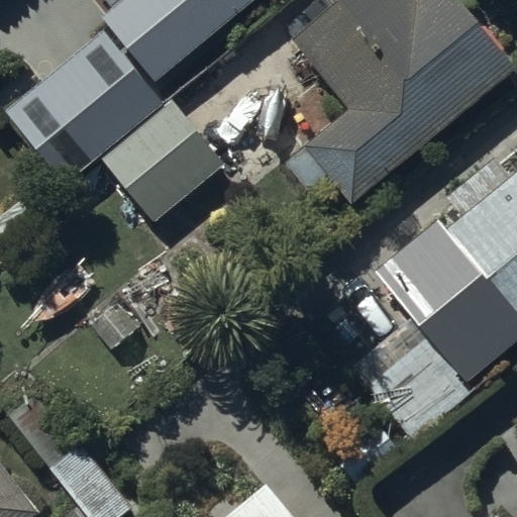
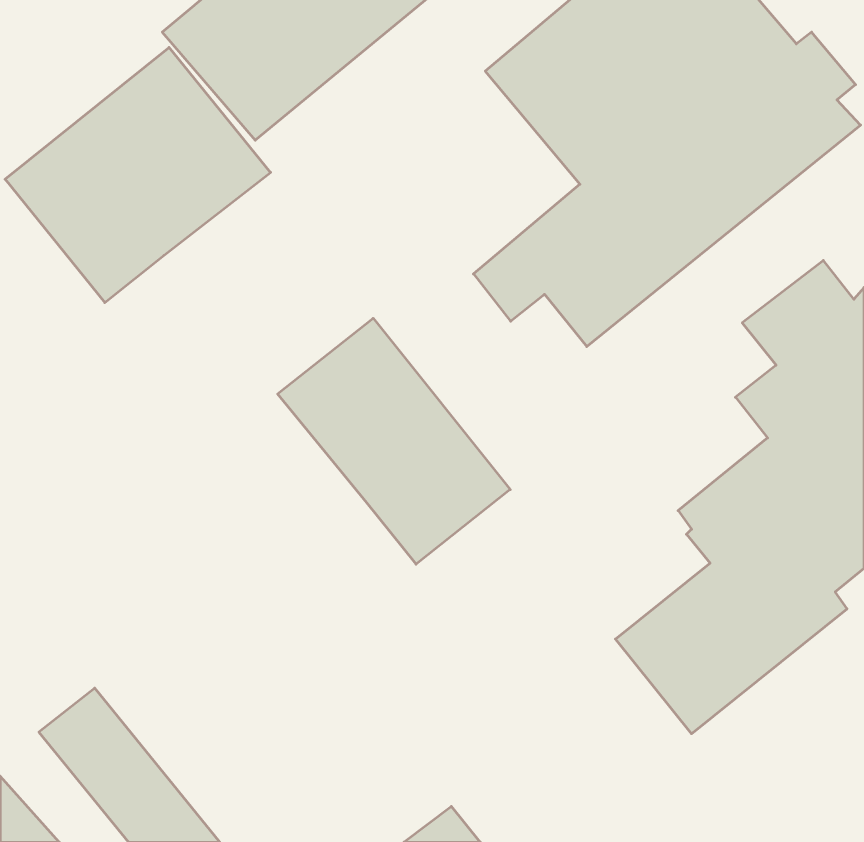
building: [98,97,223,220] -> none
building: none -> [278,318,510,564]

